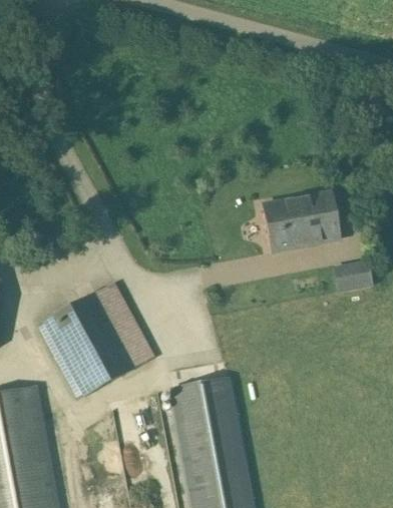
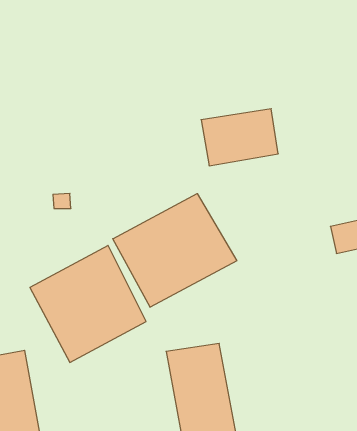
building: [263,193,340,250] -> [201,109,278,166]
building: none -> [113,194,237,307]

